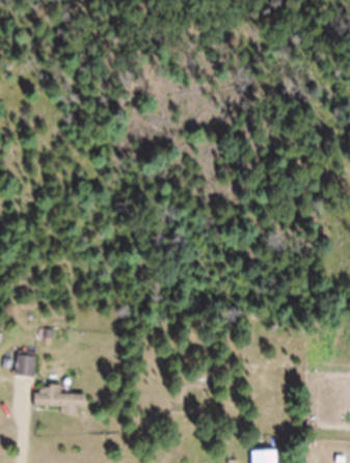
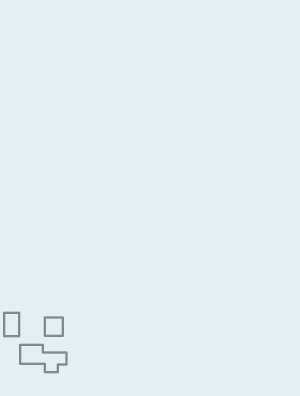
building: none -> [45,318,63,336]

